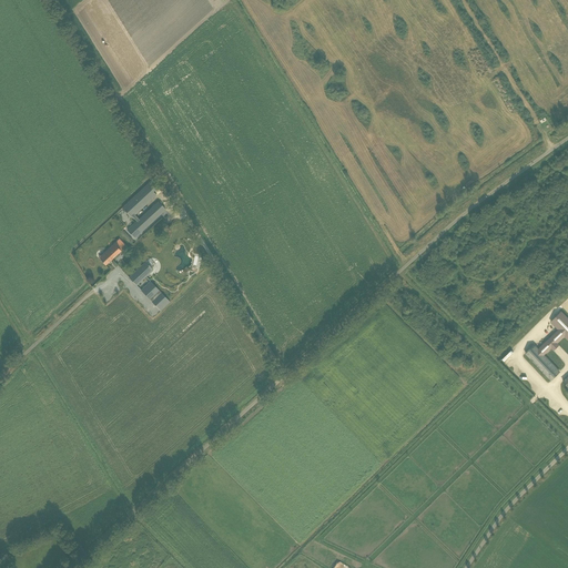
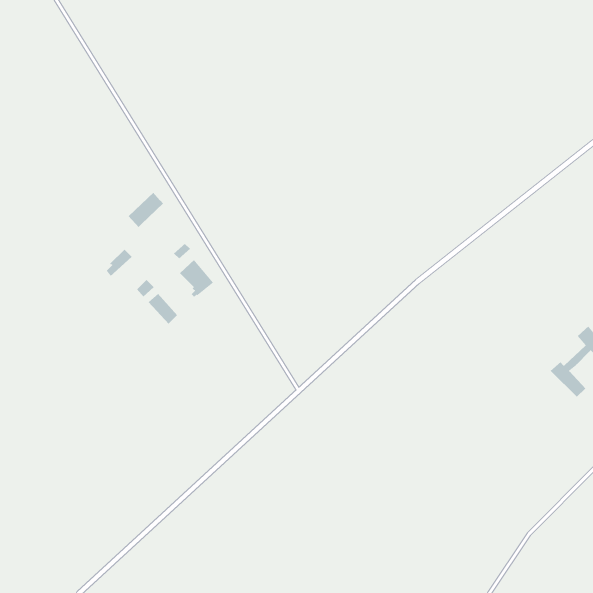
building: [128,200,166,237] -> none

